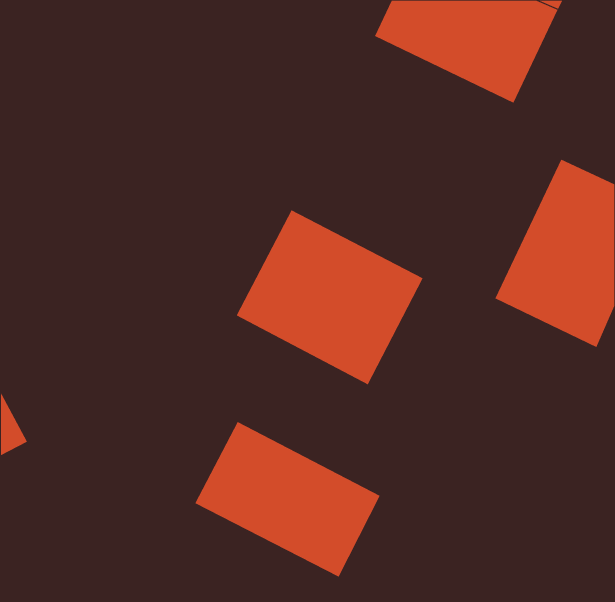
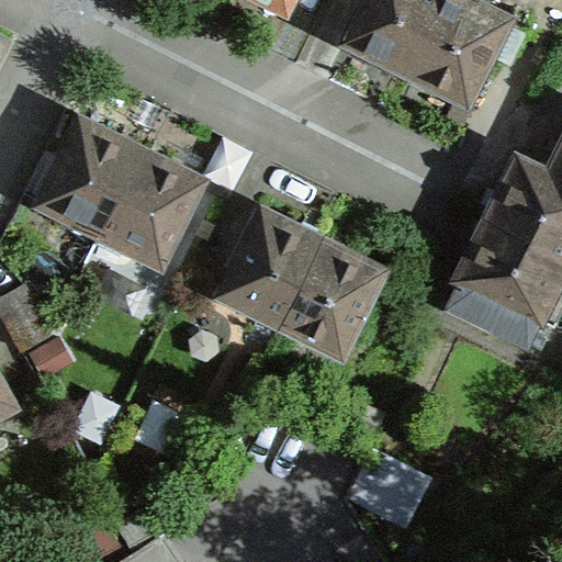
building: none -> [32,113,206,271]
building: [195,421,381,577] -> none

